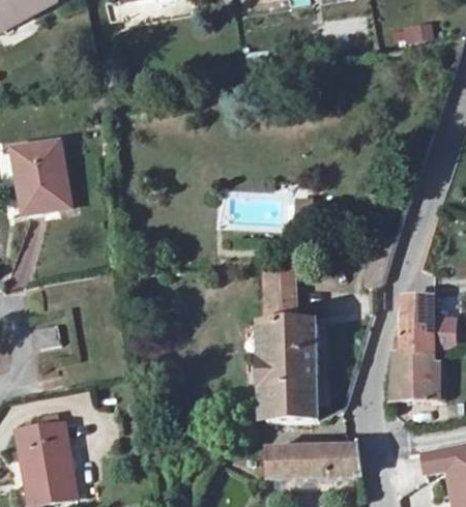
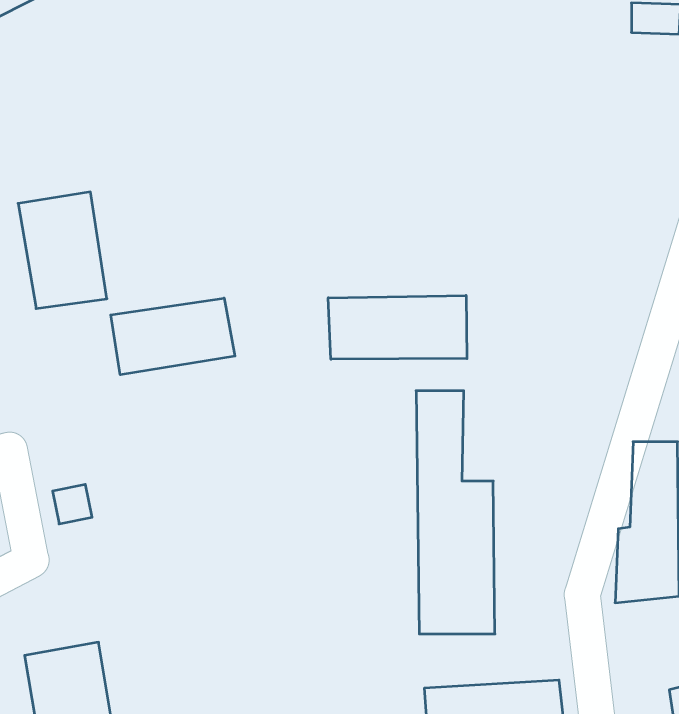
building: none -> [328,295,467,359]
building: none -> [111,298,235,375]

